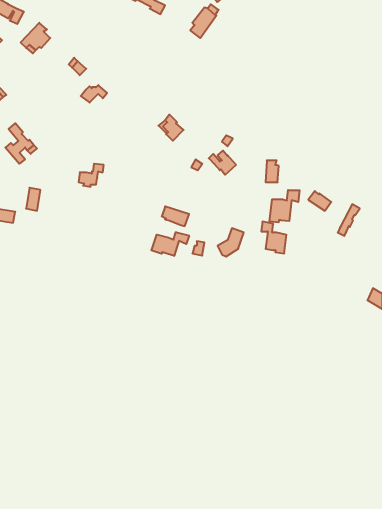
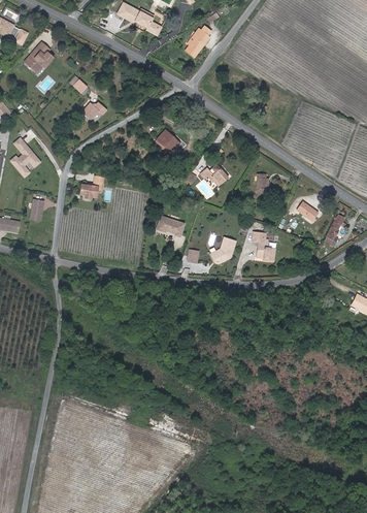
building: [269,190,300,222] -> none
building: [151,232,189,256] -> none

